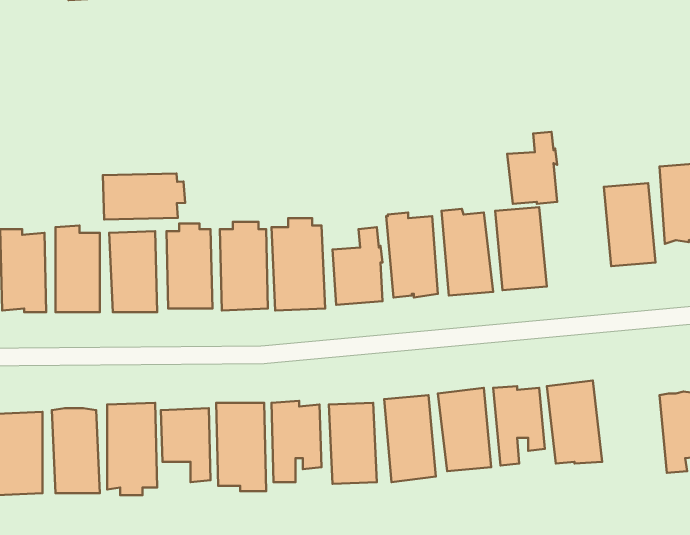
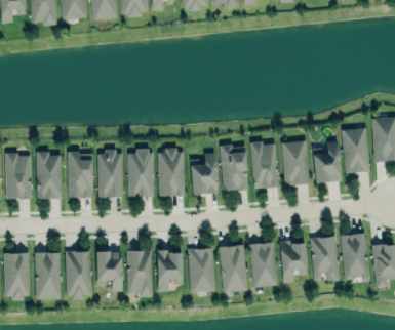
building: [507,132,557,204] -> [312,140,340,180]
building: [103,174,185,220] -> none
building: none -> [341,234,368,282]

